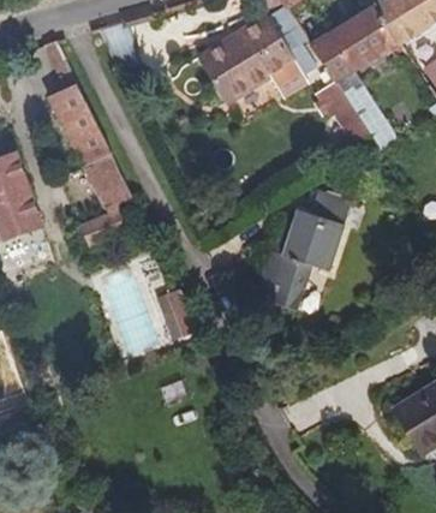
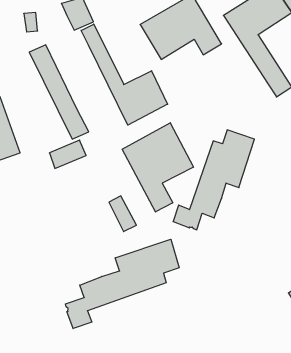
building: none -> [81,24,168,125]
building: none -> [122,123,193,212]
building: none -> [65,239,179,329]

